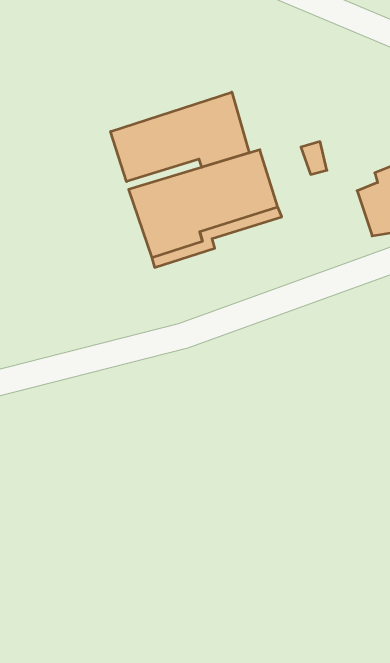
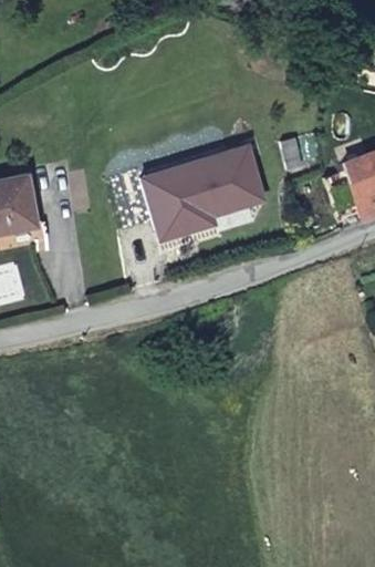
building: [111,92,249,182] -> none

